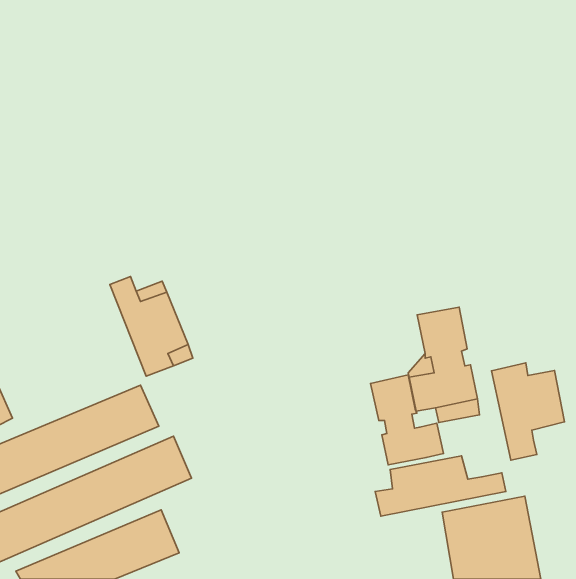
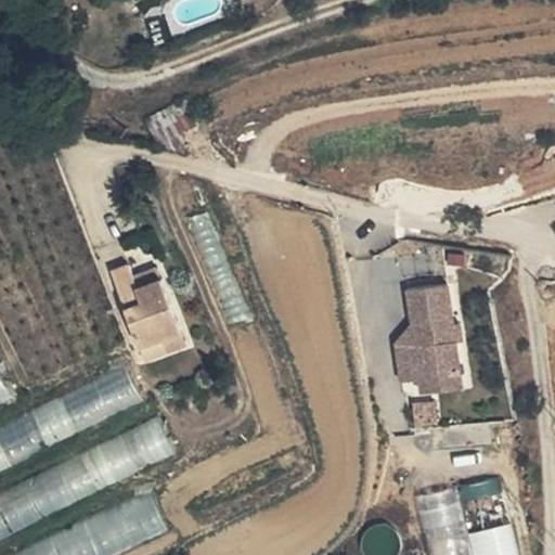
building: [491,363,565,460] -> none
building: [371,375,443,465] -> none
building: [375,456,506,516] -> none

